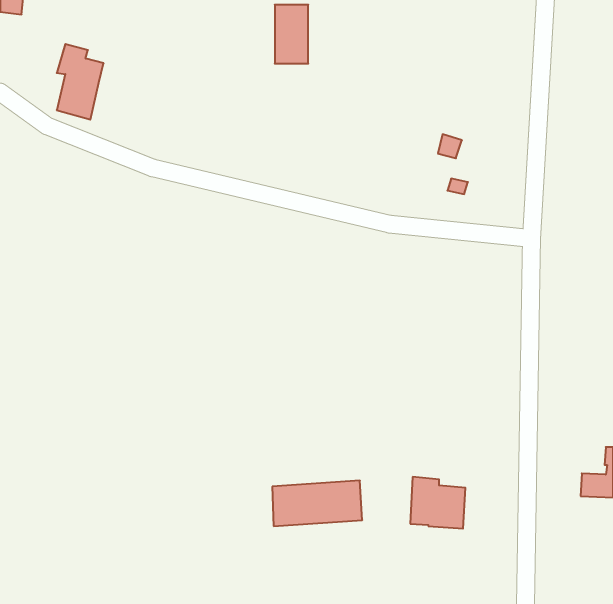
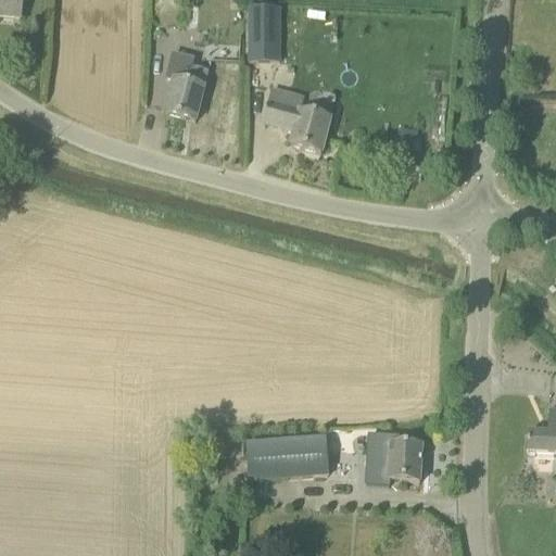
building: [57,44,104,120] -> [165,49,207,117]
building: none -> [263,86,330,150]

